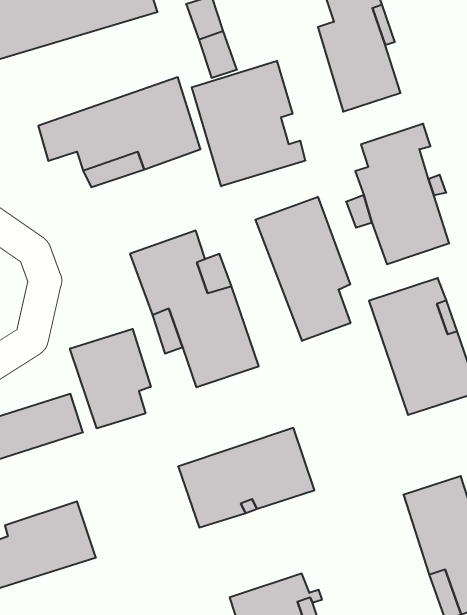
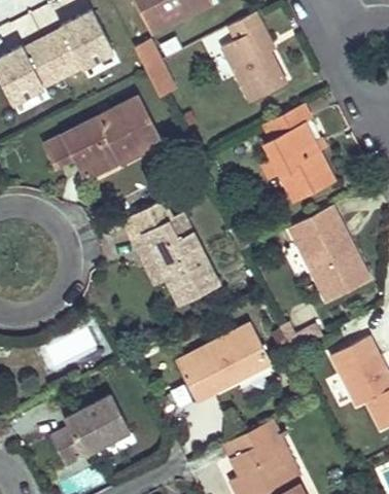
building: [192,61,305,186] -> none
building: [255,197,350,341] -> none
building: [70,329,151,428] -> none

